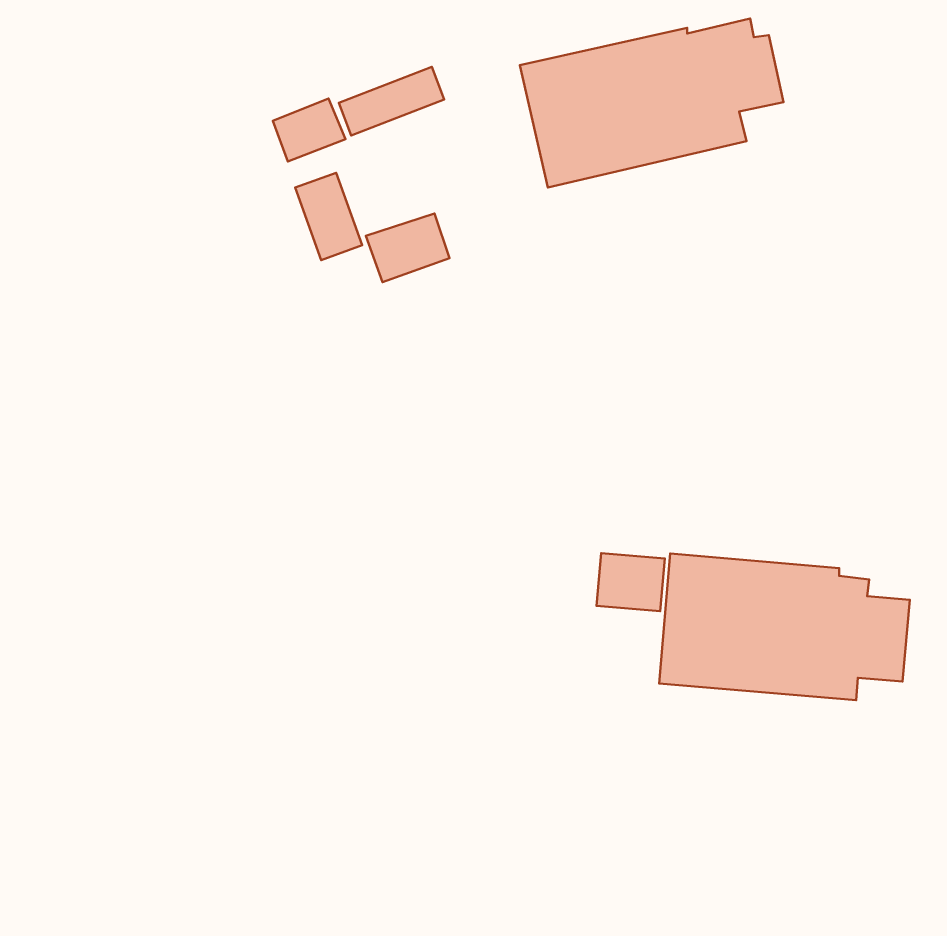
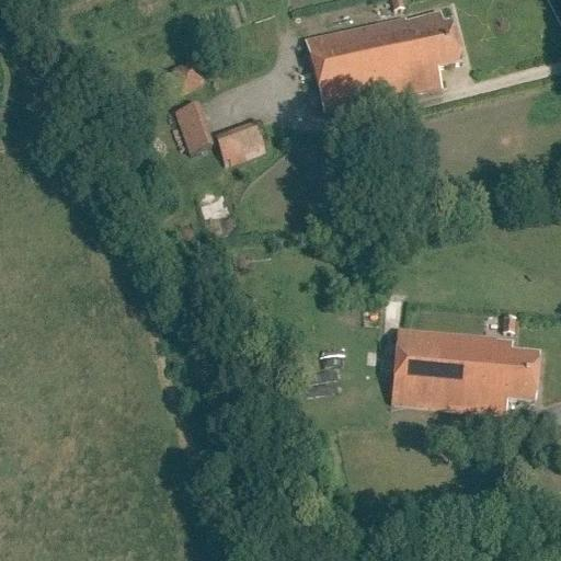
building: [339,67,444,136] -> none
building: [597,553,665,611] -> none

